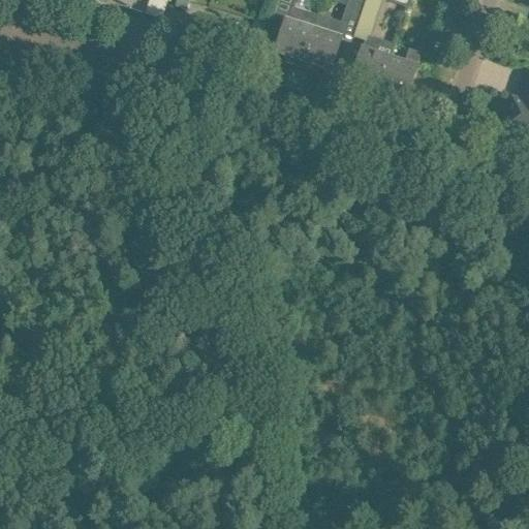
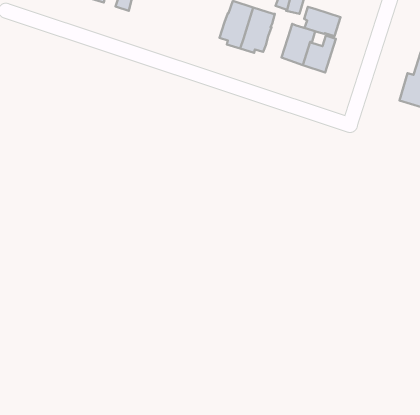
building: none -> [304,7,341,36]

